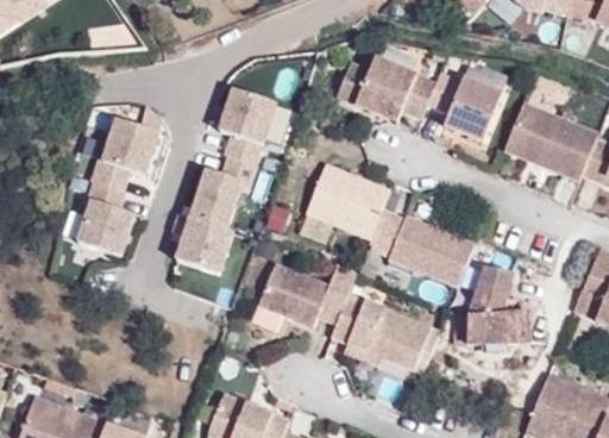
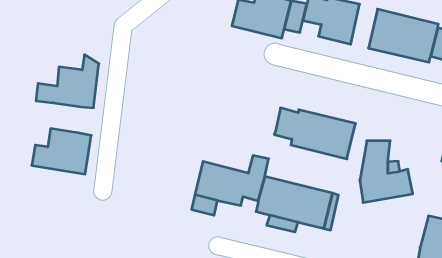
building: [172,83,290,274] -> none
building: [69,158,132,201] -> none
building: [308,164,391,238] -> none

